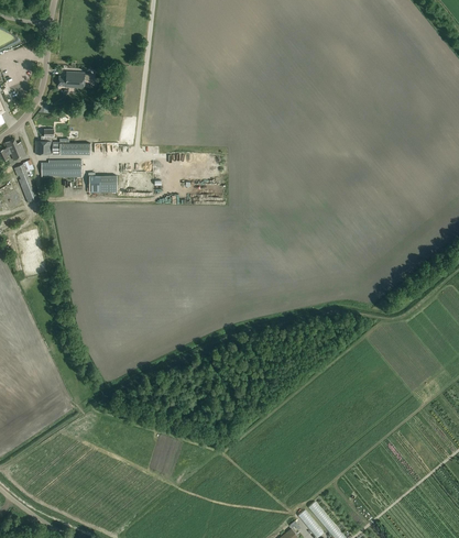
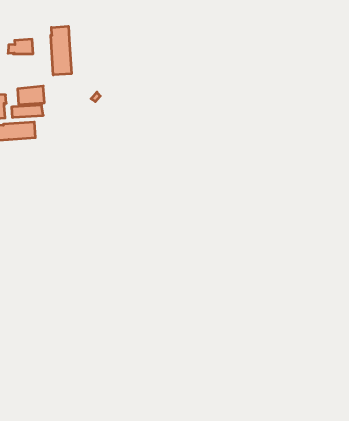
building: none -> [51,26,71,75]
building: [90,175,118,193] -> [18,86,44,104]

